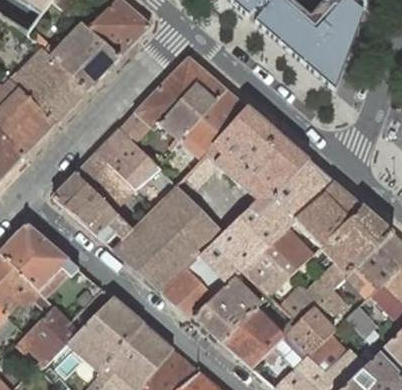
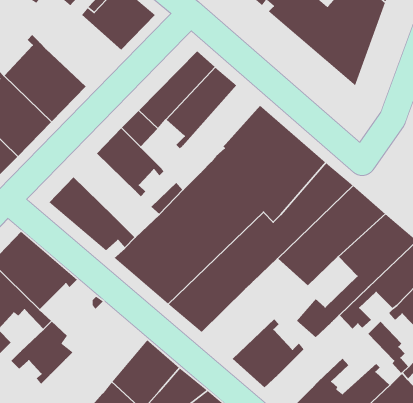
building: [44,24,119,90] -> none
building: [176,89,247,159] -> none
building: [75,152,132,209] -> none
building: [241,249,291,296] -> none
building: [193,277,261,341] -> none
building: [68,297,143,372] -> none
building: [264,308,334,365] -> none

